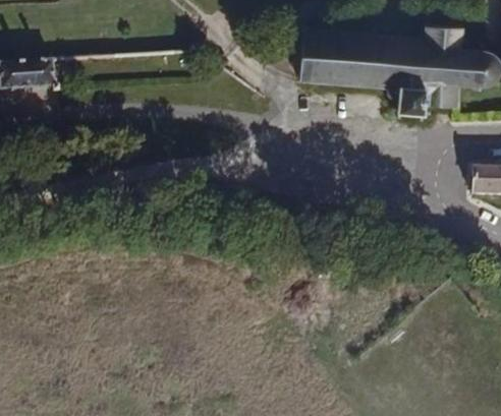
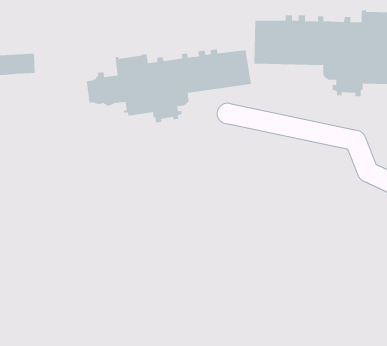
building: none -> [86,48,251,123]

